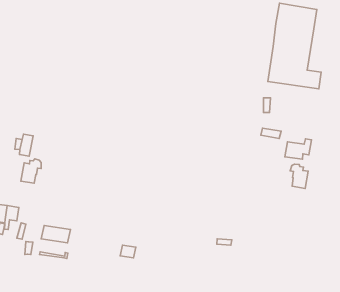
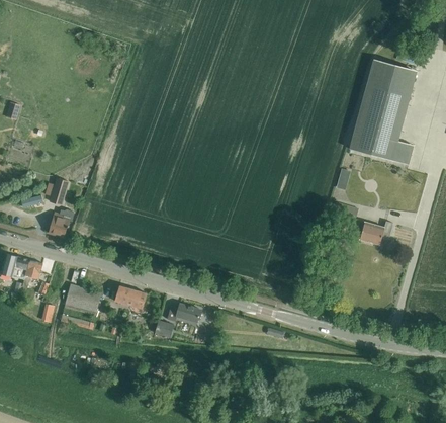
building: [290,164,308,188] -> none
building: none -> [115,285,147,308]
building: none -> [168,304,201,322]

